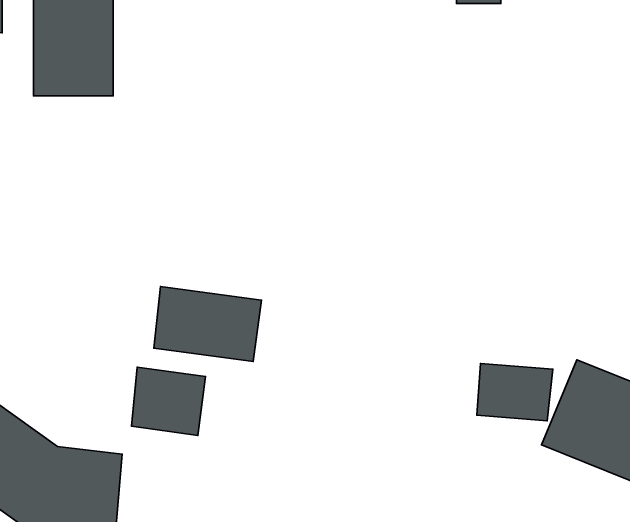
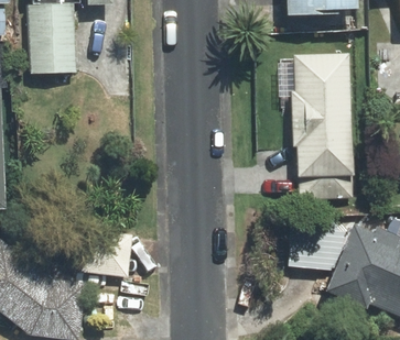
building: none -> [298,58,349,189]
building: [154,287,261,362] -> none

